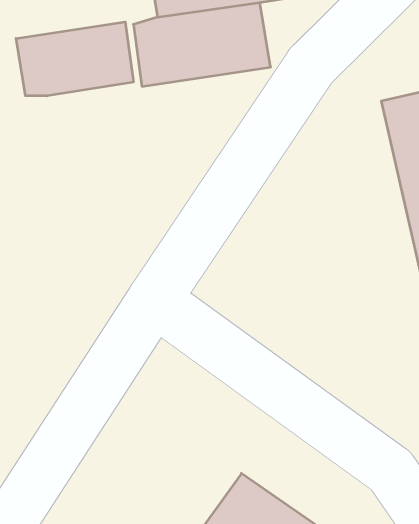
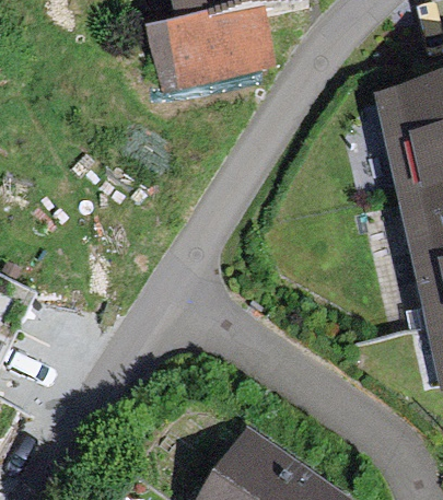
building: [16,22,133,96] -> none

